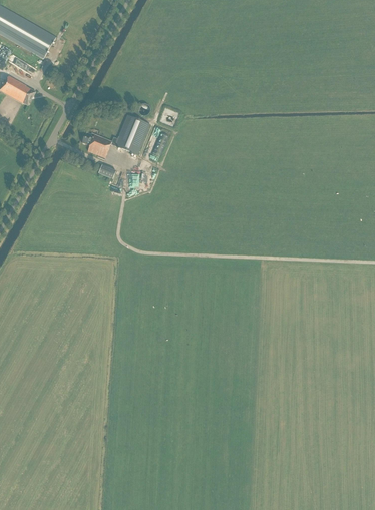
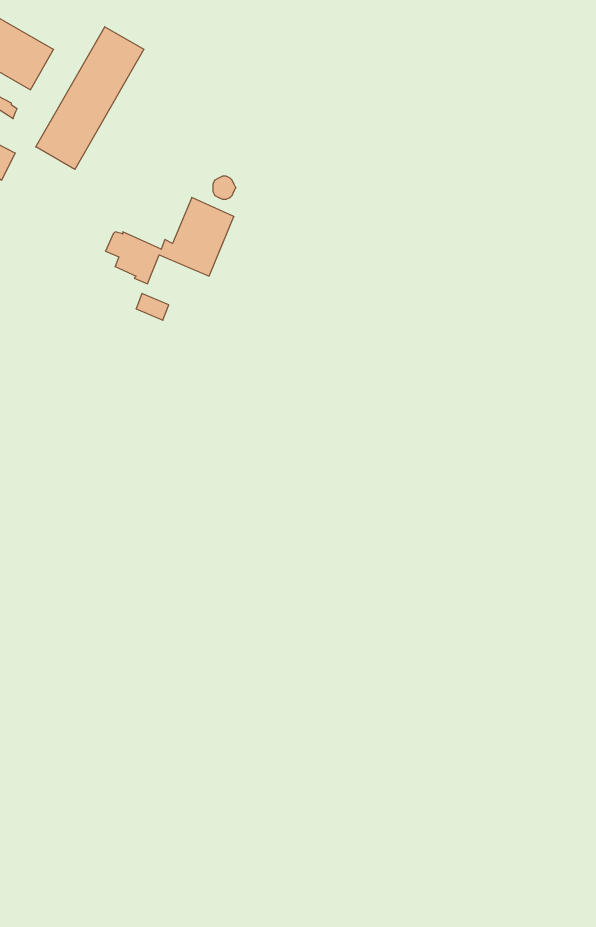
building: none -> [36,27,144,169]

